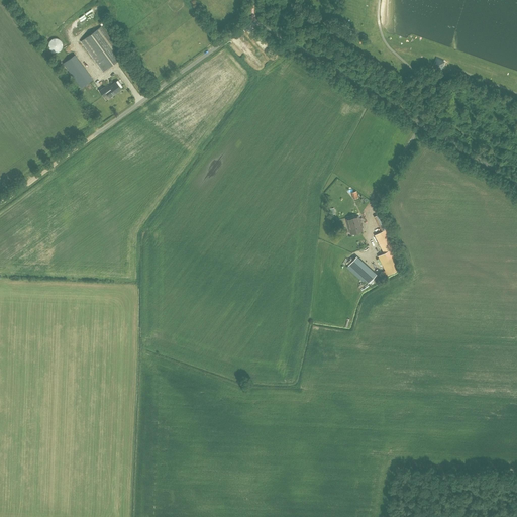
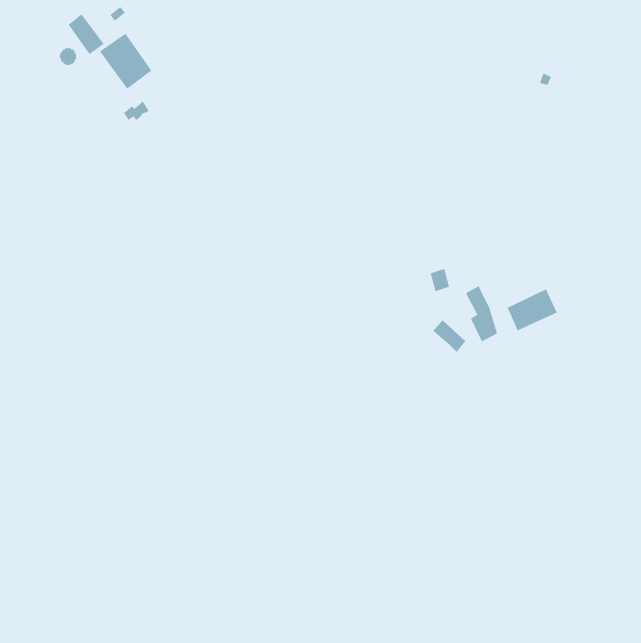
building: [63,55,92,88] -> [68,13,104,55]
building: none -> [507,288,557,331]

